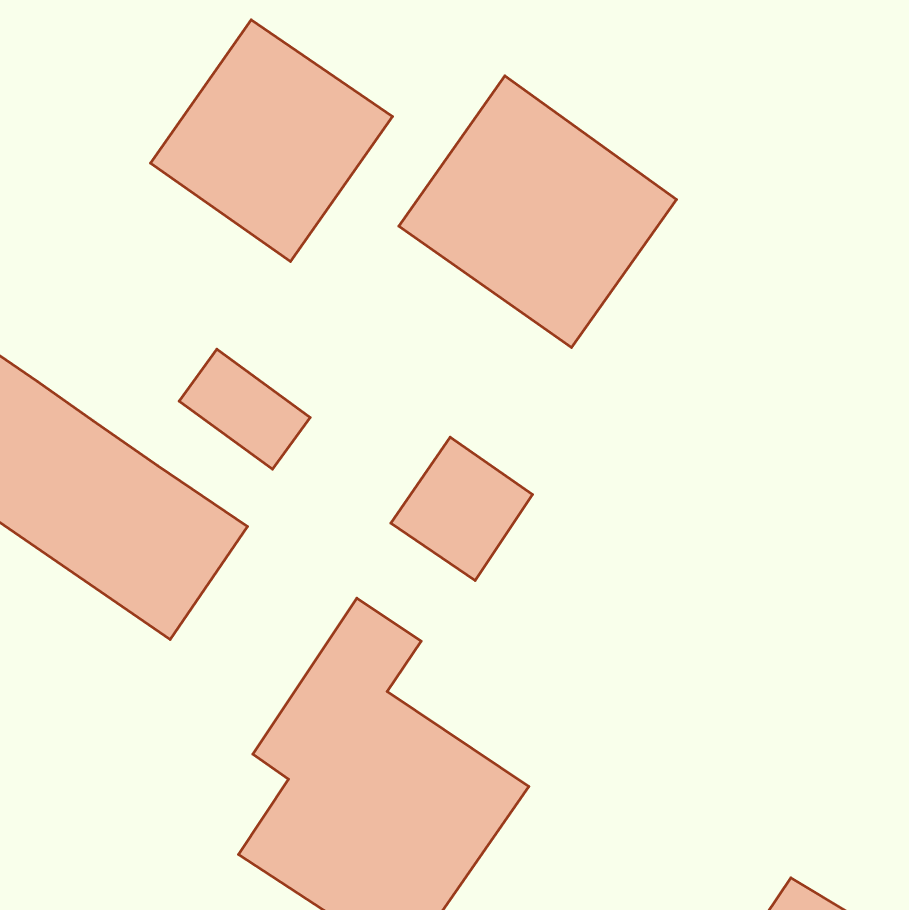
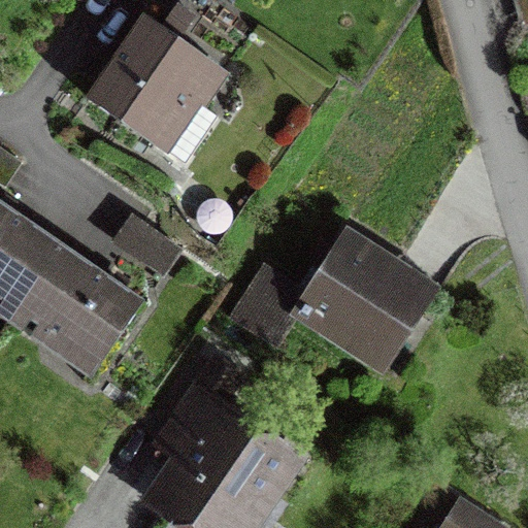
building: [399,76,677,347] -> none
building: none -> [292,228,446,377]

